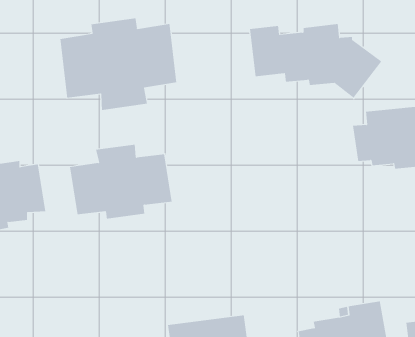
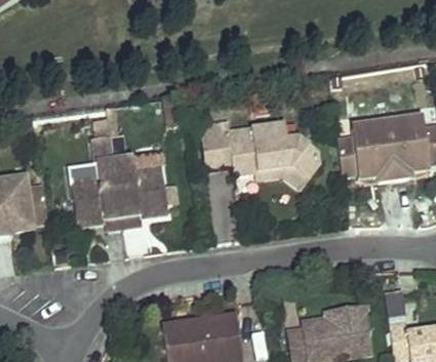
building: [60,18,177,111] -> none
building: [249,23,382,99] -> [202,117,327,188]

